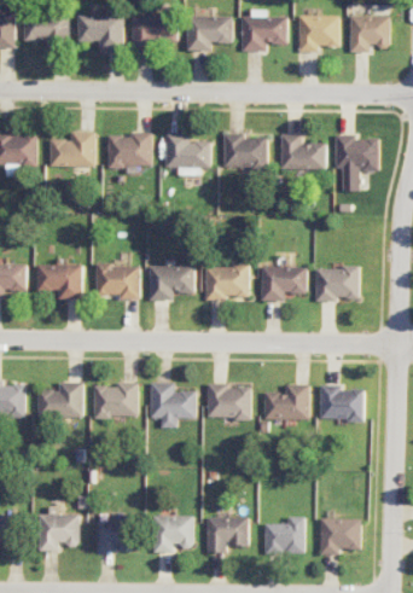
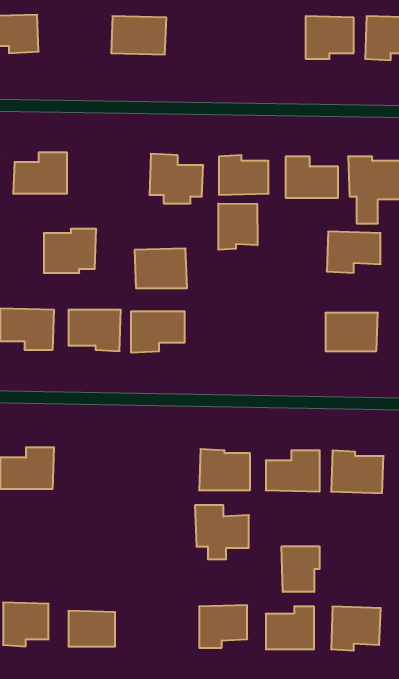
building: [240,11,286,52] -> none
building: [77,16,123,51] -> none
building: [186,16,232,51] -> none
building: [106,133,151,170] -> [44,229,96,273]
building: none -> [218,203,257,250]
building: [204,266,249,300] -> [135,248,187,288]
building: [260,267,306,302] -> [327,232,381,273]
building: [93,383,138,418] -> none
building: [150,383,196,429] -> [195,505,249,559]
building: none -> [282,546,319,592]
building: [152,516,193,553] -> none

